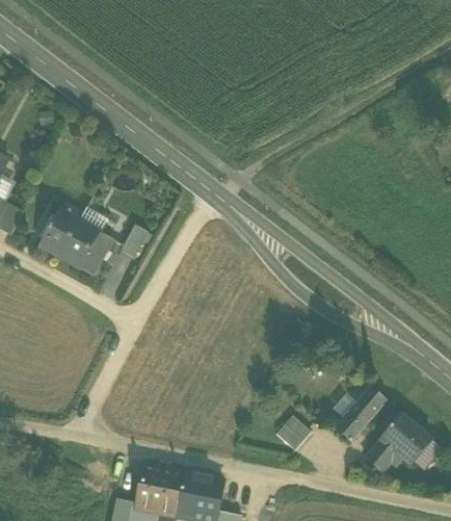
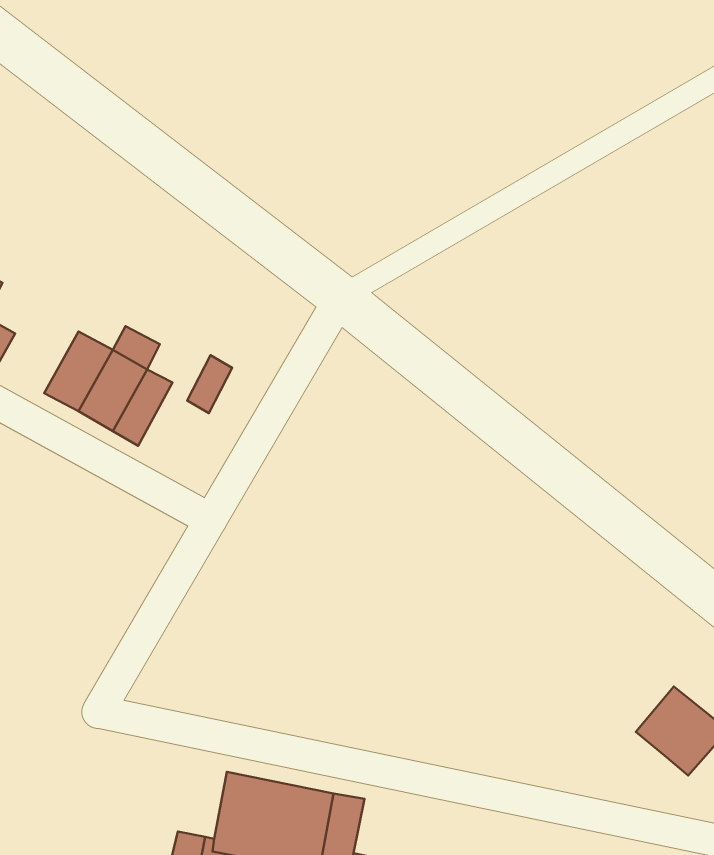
building: [335,388,384,442] -> none
building: [275,415,311,450] -> none
building: [364,441,396,473] -> none

